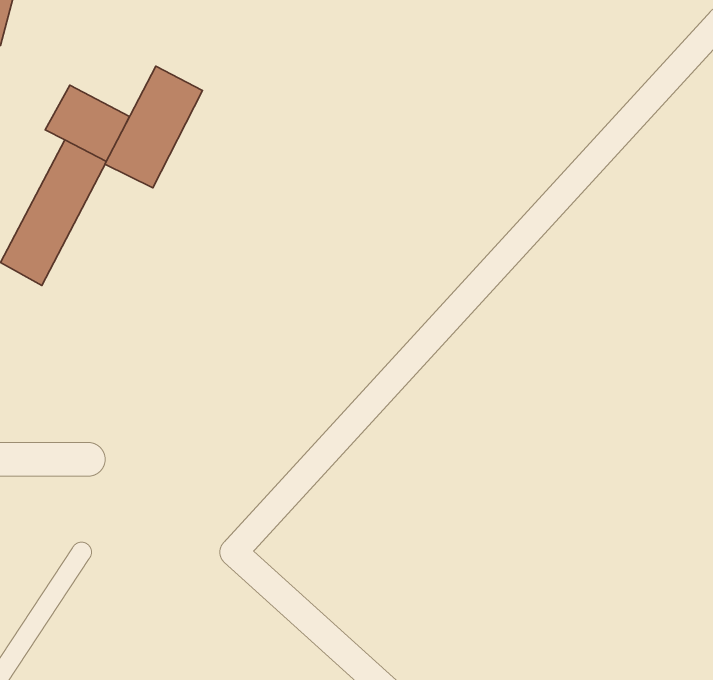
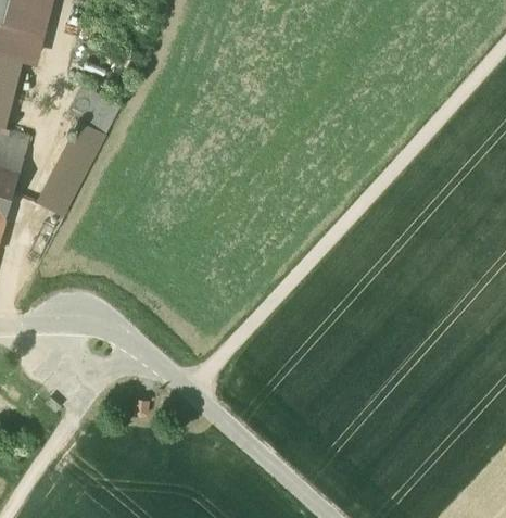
building: [105,66,202,188] -> none

